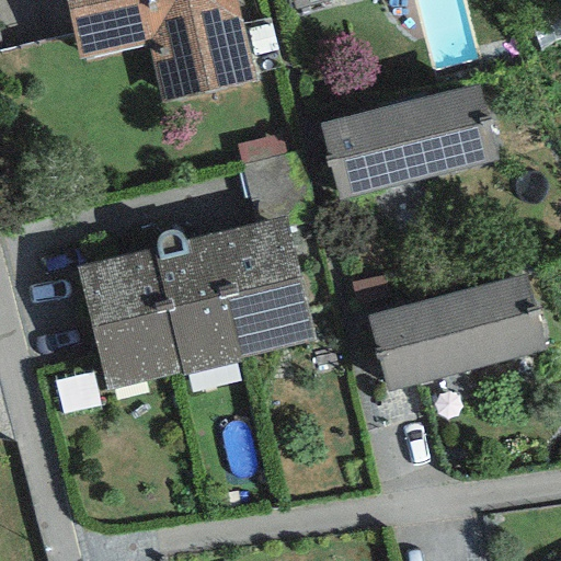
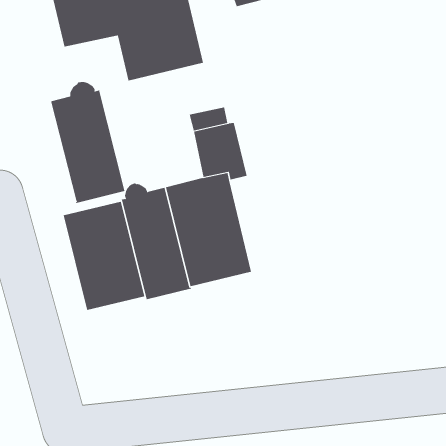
building: [321,81,499,198] -> none
building: none -> [51,81,125,204]
building: [368,274,546,391] -> none

